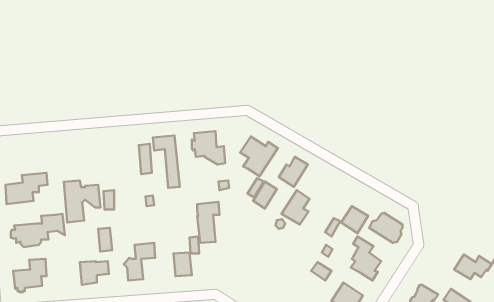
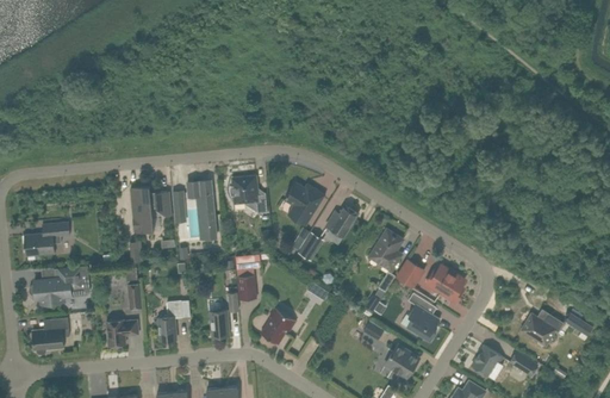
building: [64,181,100,223] -> [131,186,172,232]
building: [282,190,310,225] -> [371,230,402,268]
building: none -> [261,307,297,344]

